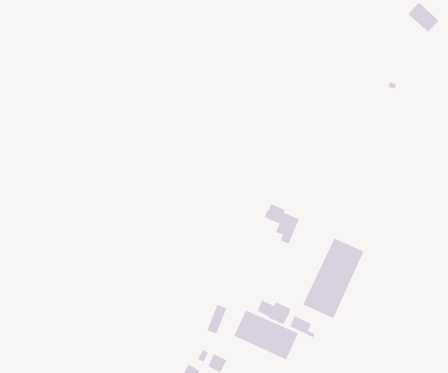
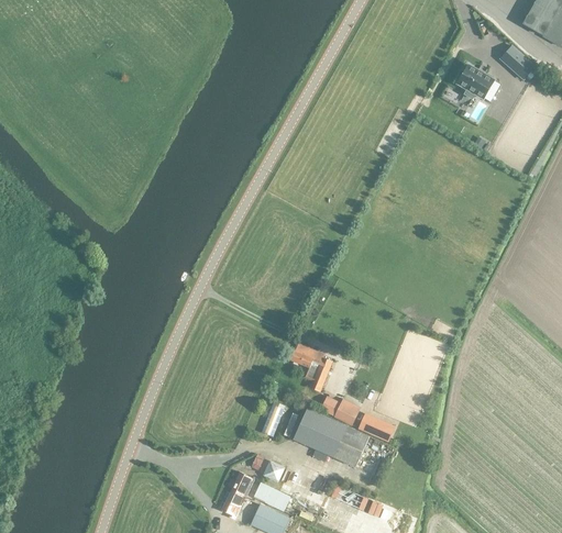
building: none -> [456,65,500,102]
building: [264,203,299,244] -> [289,343,331,391]
building: [303,238,364,319] -> none

